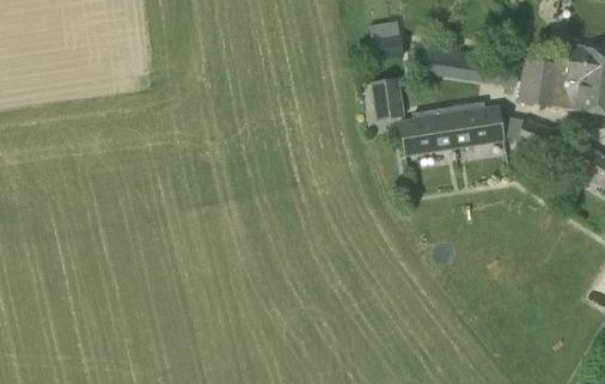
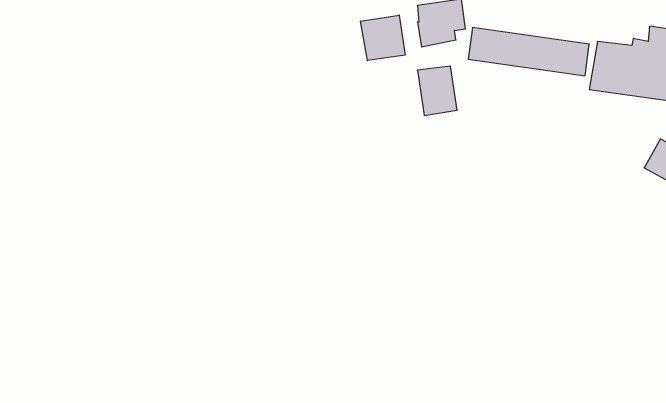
building: none -> [361,15,405,61]
building: [398,103,556,158] -> none

